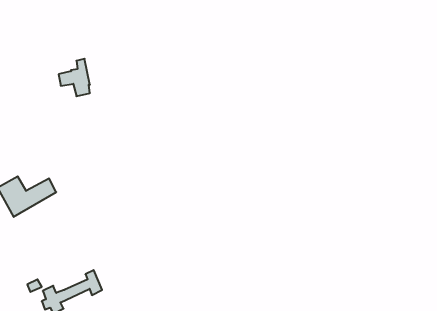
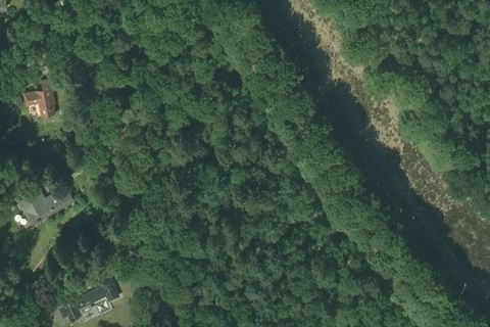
building: [59,59,90,96] -> [23,78,54,114]

